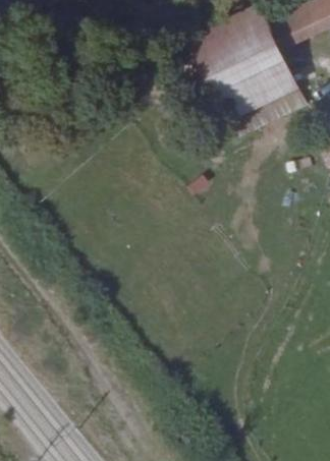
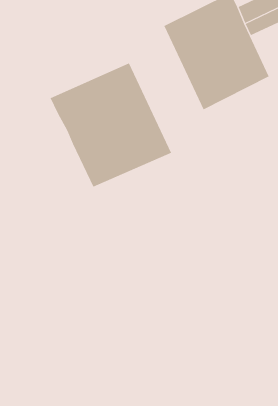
building: none -> [50,62,172,188]

